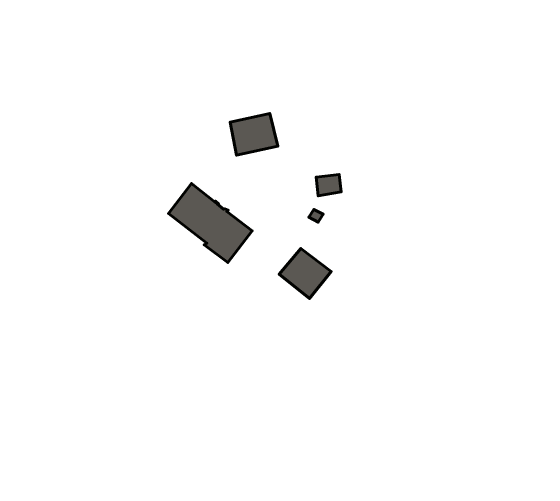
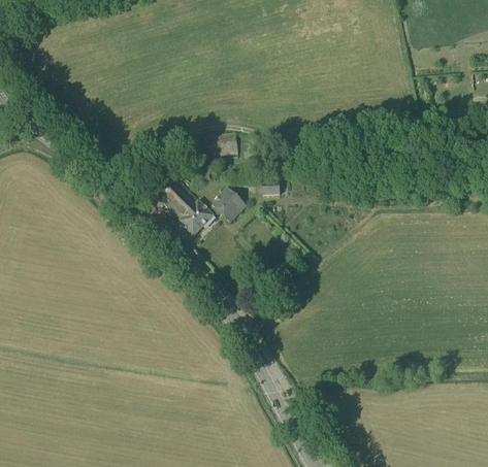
building: [279,248,331,299] -> [210,187,248,223]

